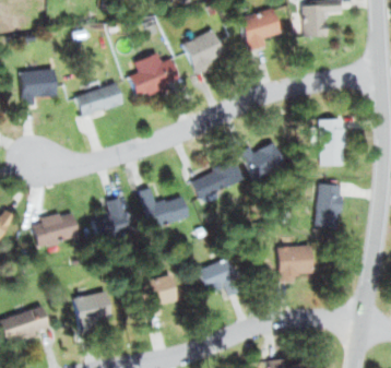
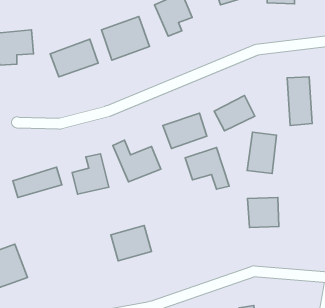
building: [312,182,343,226] -> [247,132,276,174]
building: [195,256,241,299] -> [185,148,229,189]
building: [70,286,112,335] -> none

